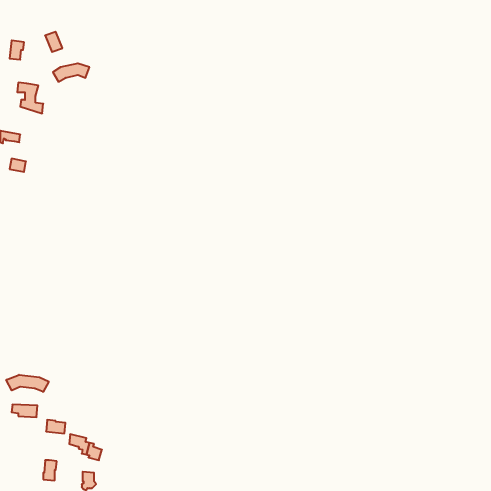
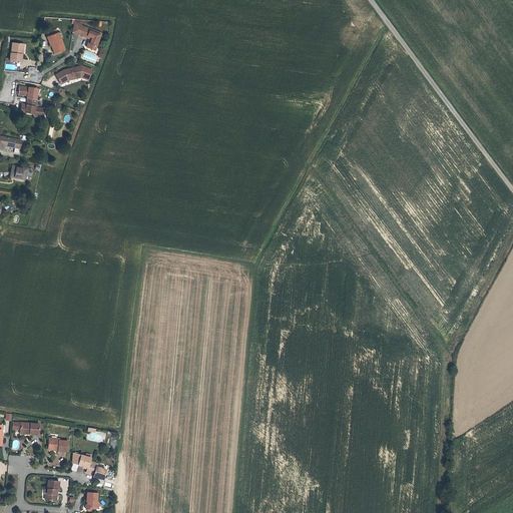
building: none -> [73,20,102,50]
building: [6,375,49,392] -> none

